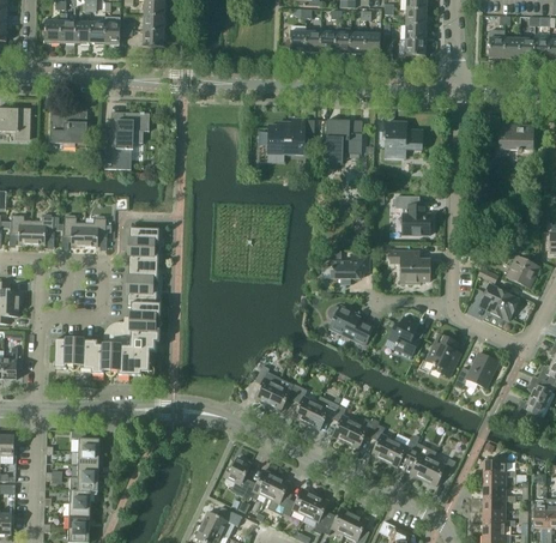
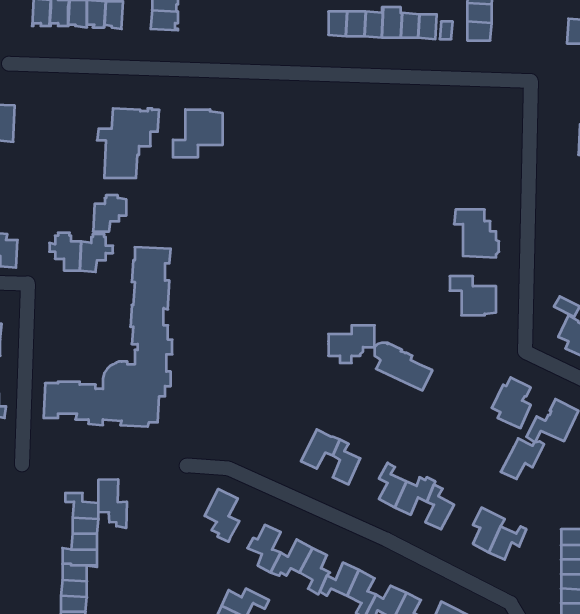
building: [50,110,86,143] -> none
building: none -> [173,109,222,157]
building: [267,119,304,155] -> none
building: [325,119,362,161] -> none
building: [382,121,421,158] -> none
building: [31,213,59,243] -> [93,195,126,231]
building: [331,253,369,284] -> [328,325,375,363]
building: [388,316,419,356] -> none
building: [254,364,280,404] -> none
building: [307,397,339,429] -> none
building: none -> [99,479,127,528]
building: none -> [205,489,239,542]
building: [383,433,419,466] -> [501,438,544,479]

